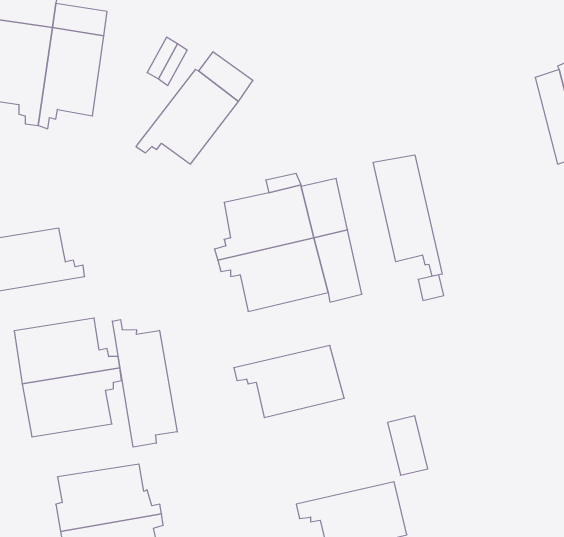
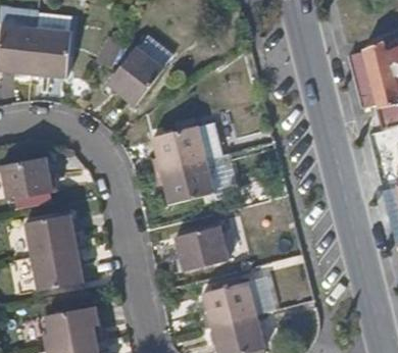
building: [373,155,442,276] -> none
building: [112,320,177,447] -> none
building: none -> [194,283,258,331]

